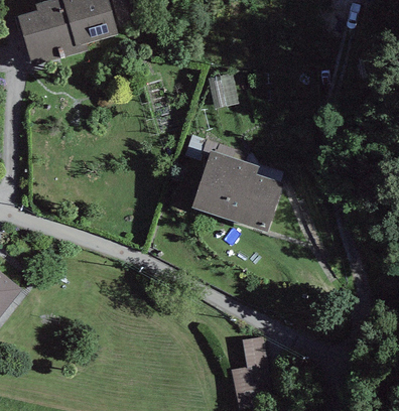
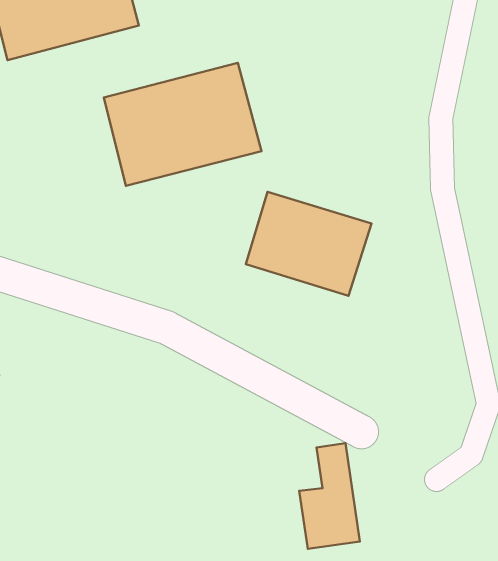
building: none -> [104,63,262,186]

